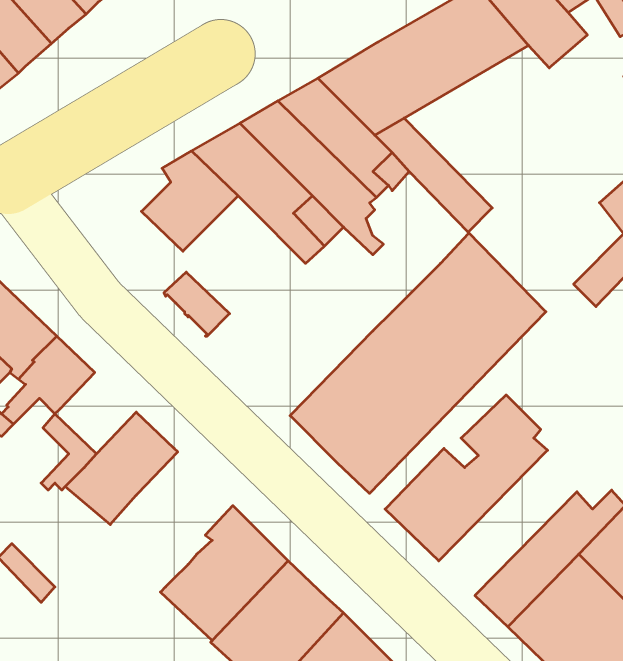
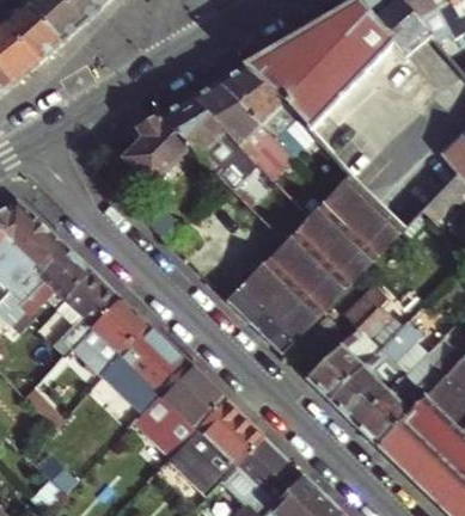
building: none -> [65,270,121,326]
building: none -> [330,320,428,424]
building: none -> [103,325,188,413]

